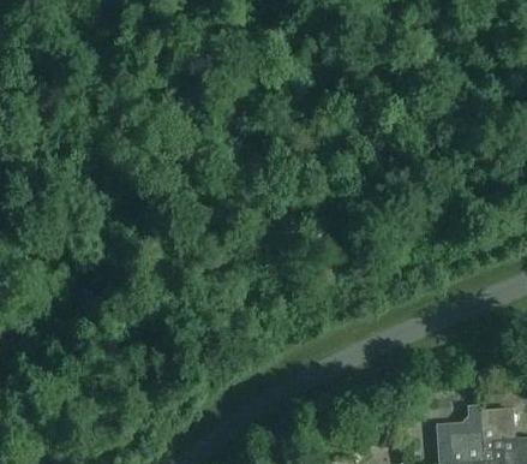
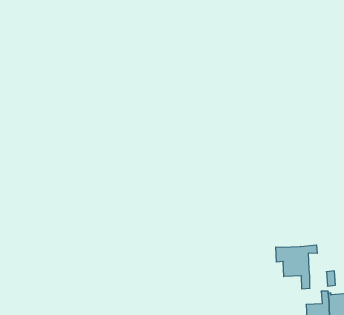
building: none -> [276,245,317,289]

